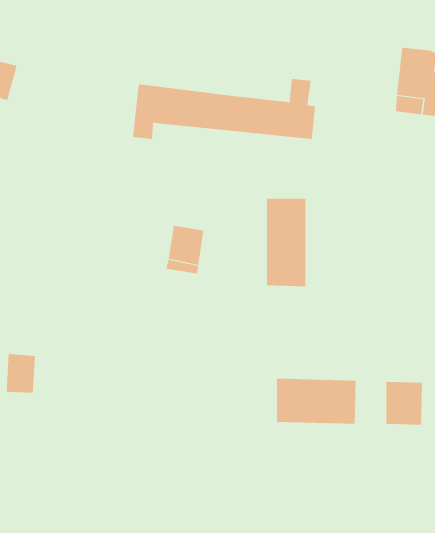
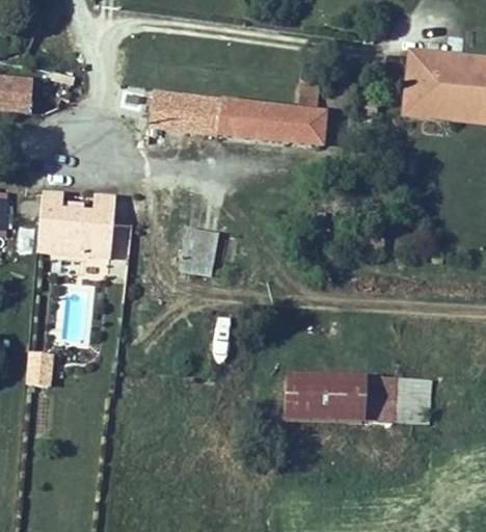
building: none -> [38,192,114,258]
building: [267,198,306,287] -> none
building: none -> [365,376,394,419]

